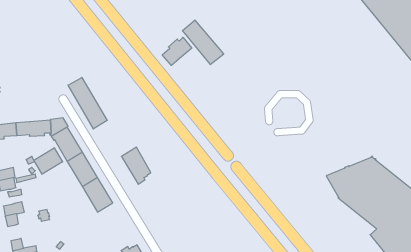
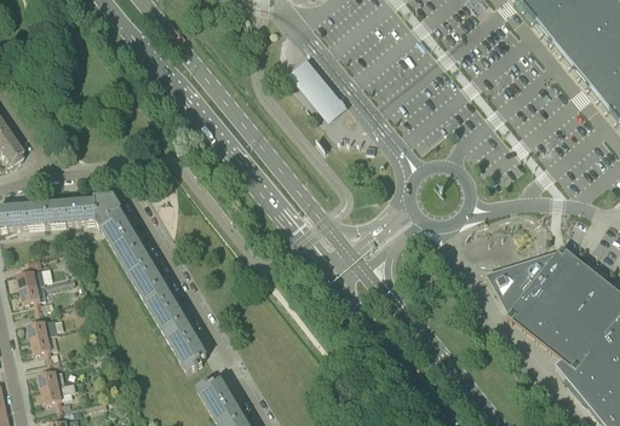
building: [162,37,192,65] -> none
building: [68,77,107,129] -> none
building: [121,147,151,184] -> [163,317,206,370]
building: [34,148,63,174] -> none

